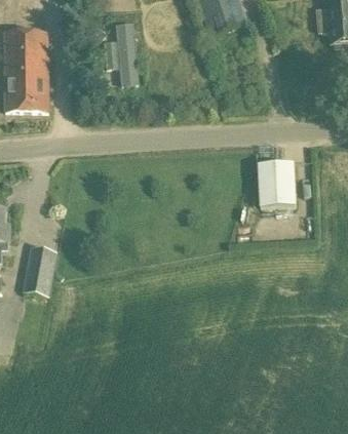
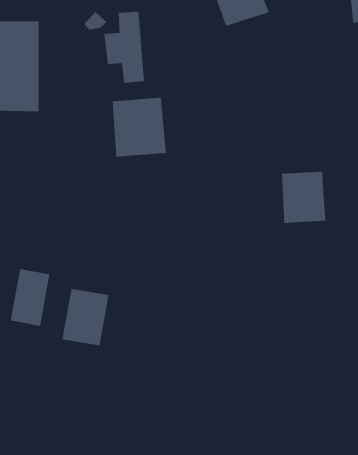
building: none -> [112,97,166,158]
building: none -> [62,288,109,346]

